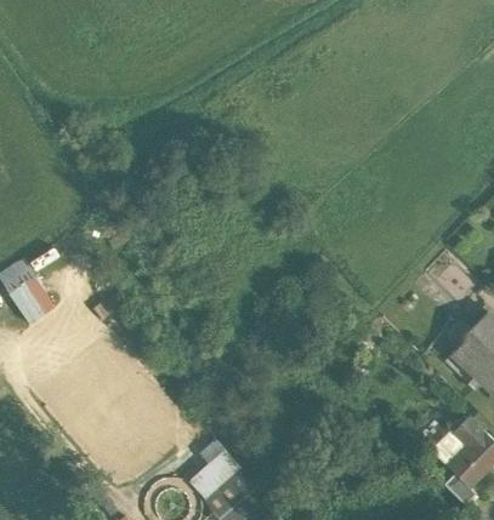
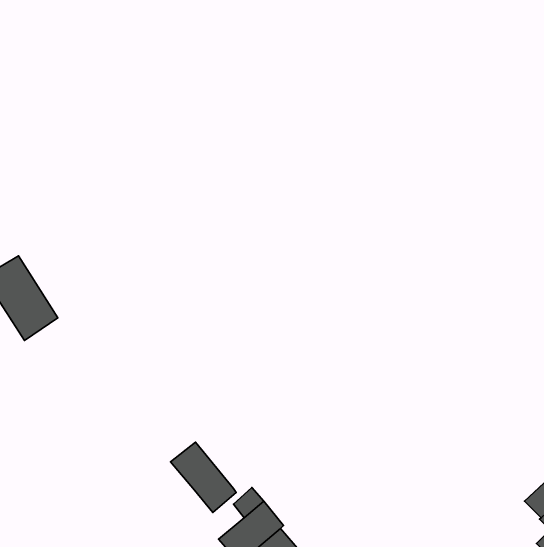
building: none -> [171,442,236,512]

